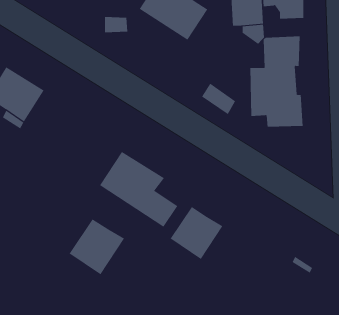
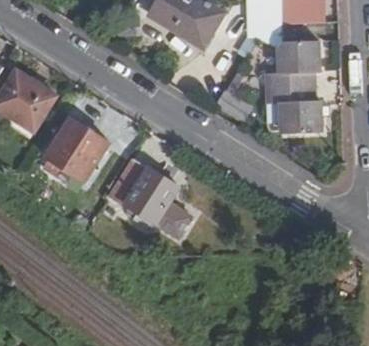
building: none -> [48,118,109,181]
building: [170,206,223,260] -> none
building: [69,218,125,275] -> none

